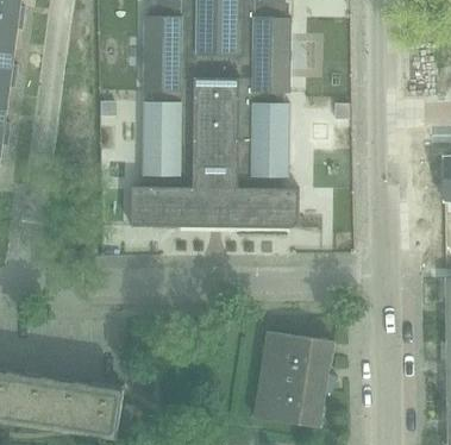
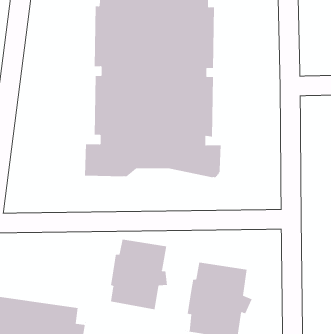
building: none -> [108,238,168,310]

